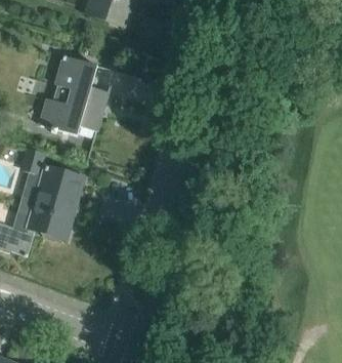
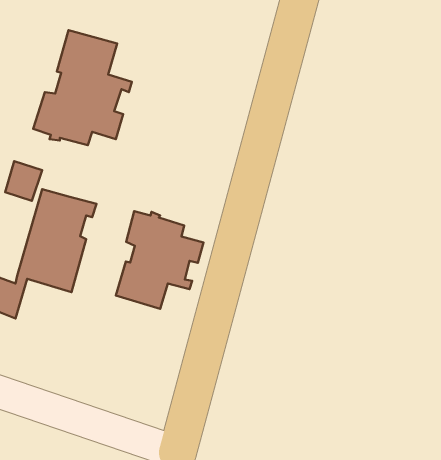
building: none -> [116,211,204,309]

